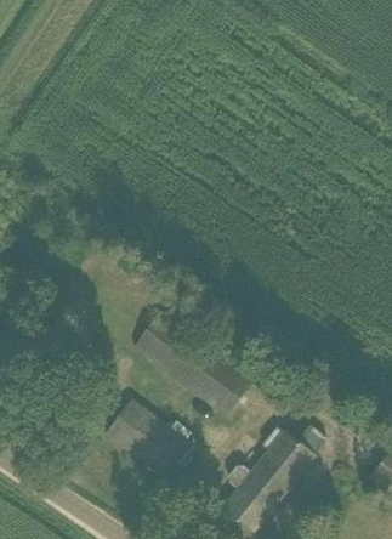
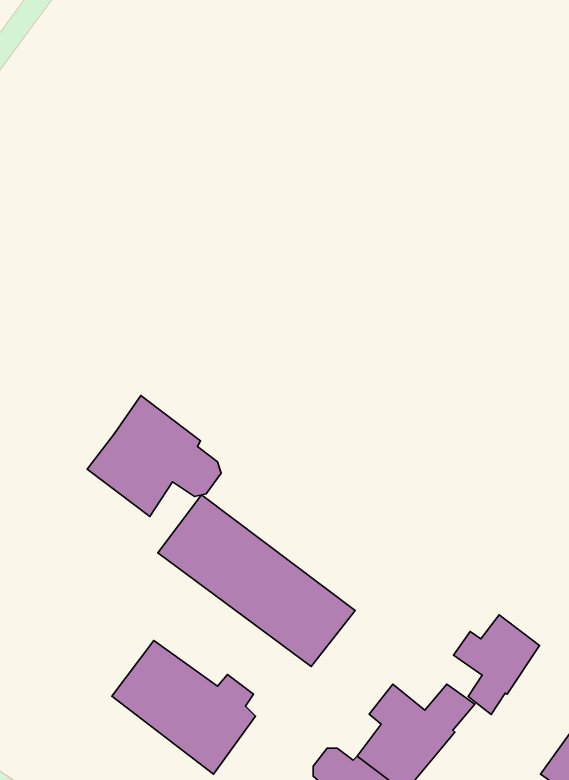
building: none -> [87,396,221,516]
building: none -> [454,615,540,715]

